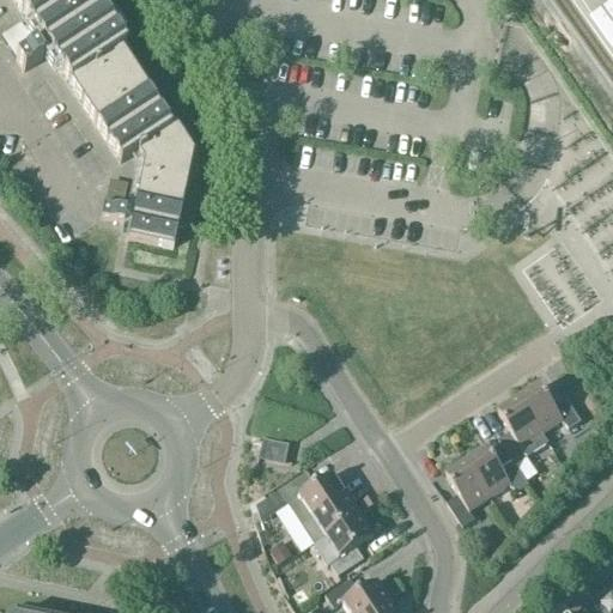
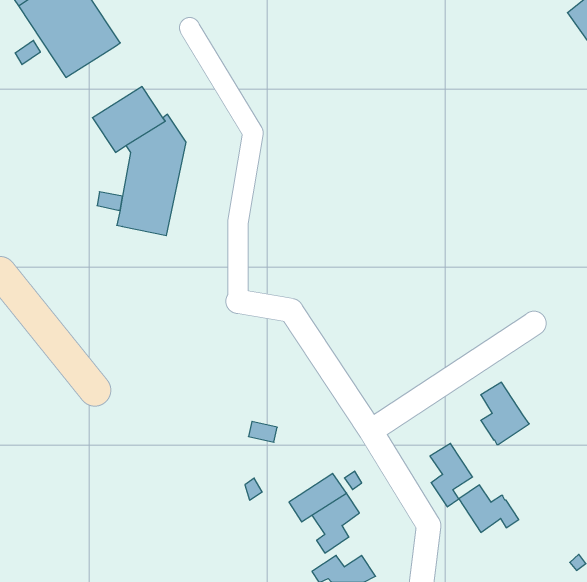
building: [72,48,151,122] -> none
building: [523,382,584,431] -> none
building: [471,445,533,494] -> [459,485,519,532]
building: [280,469,348,522] -> none

